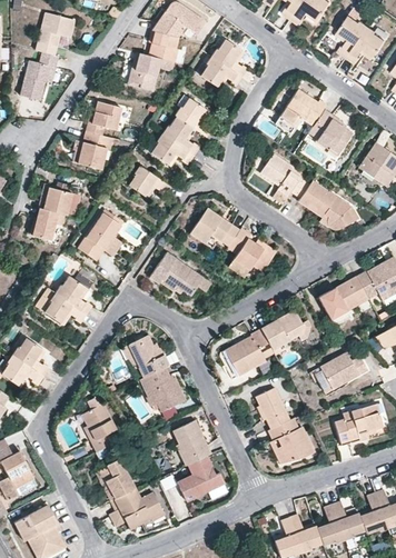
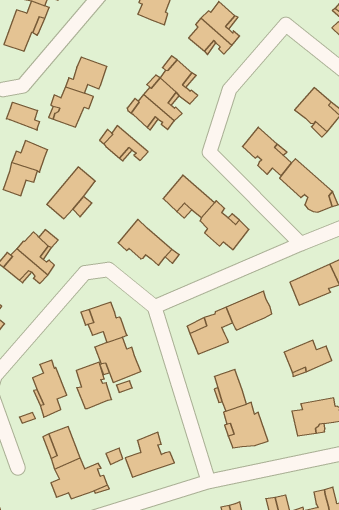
building: [127,54,161,93] -> none
building: [273,89,325,133] -> none
building: none -> [6,102,40,130]
building: [174,420,210,466] -> [76,362,112,409]

